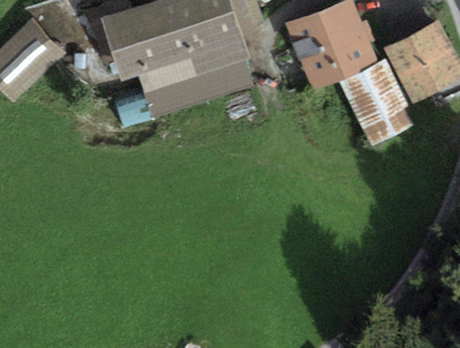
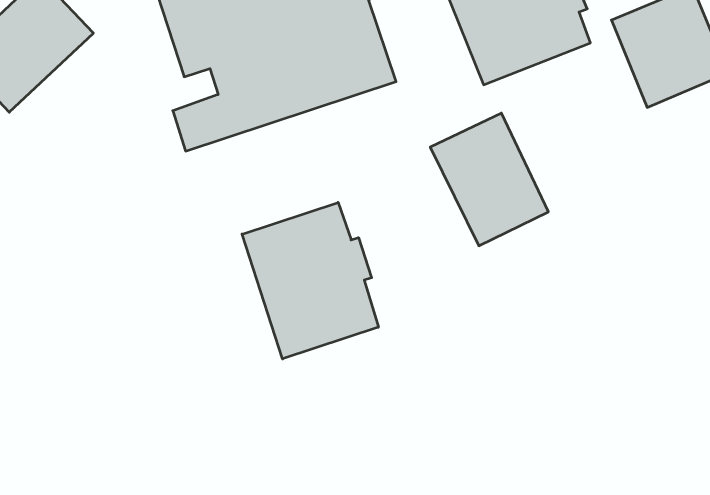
building: [340,61,414,143] -> [430,113,548,246]
building: none -> [242,202,378,359]

